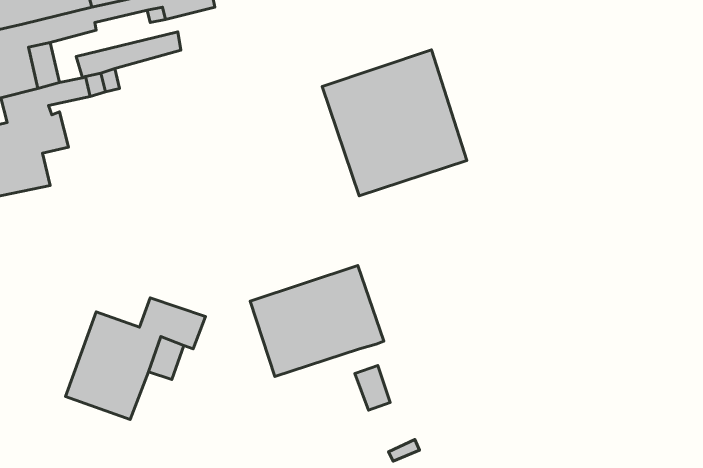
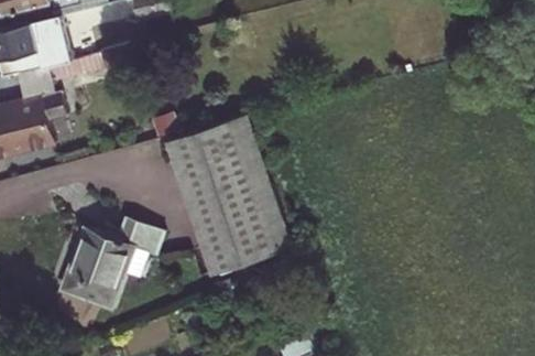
building: [322,50,467,196] -> [167,118,271,223]

